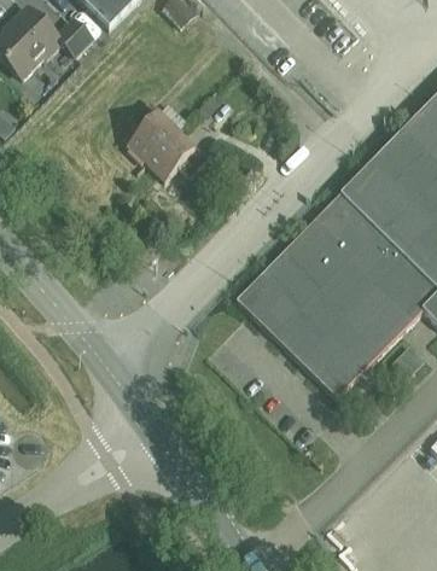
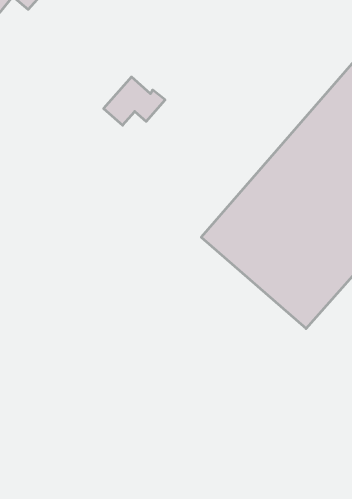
building: [128,98,176,159] -> none

